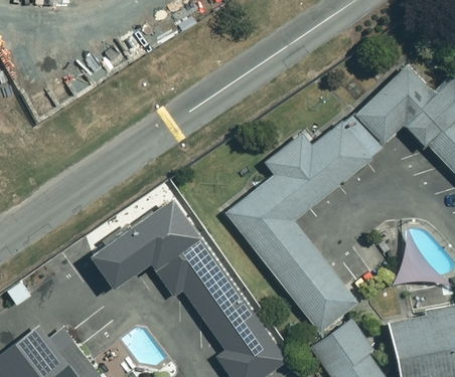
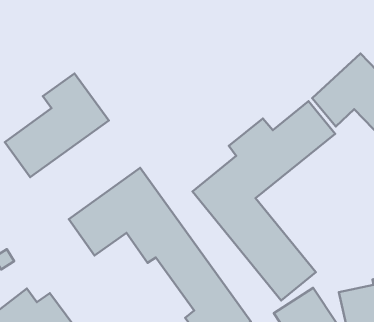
building: none -> [5,74,109,177]

